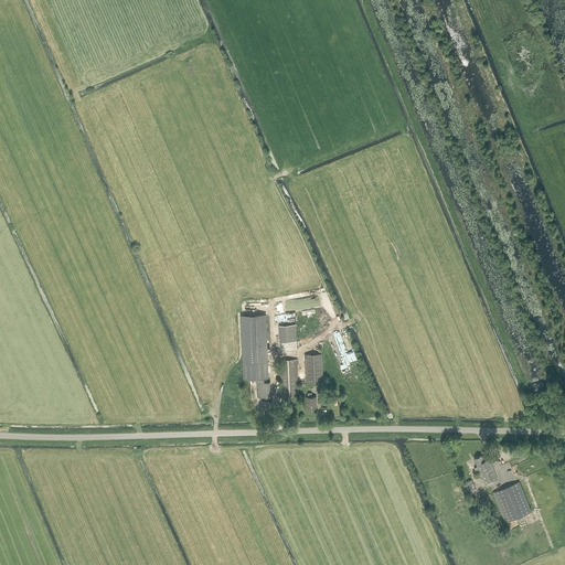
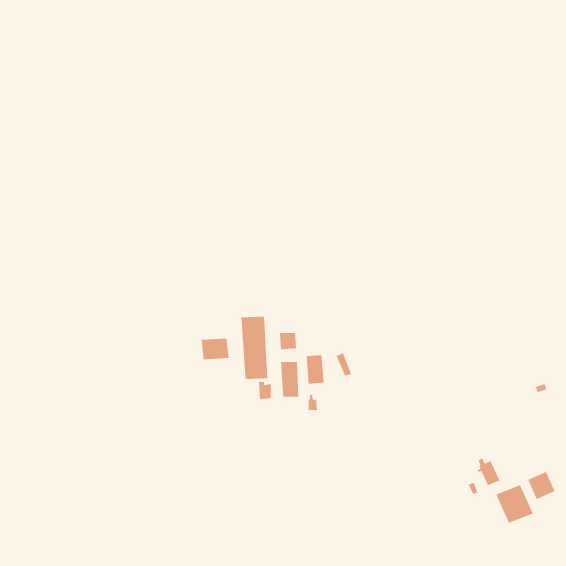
building: none -> [201,338,229,360]
building: none -> [527,471,556,500]

